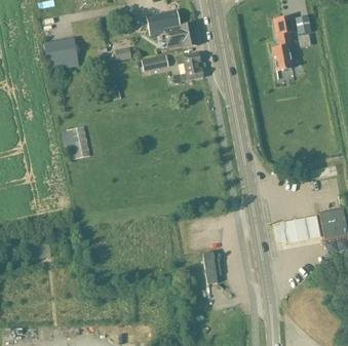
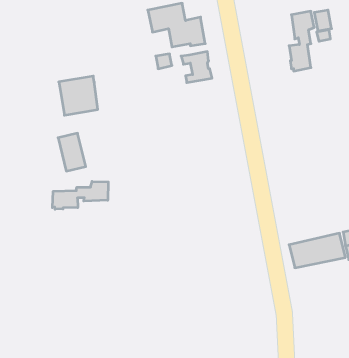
building: [43,37,78,72] -> [59,76,98,115]
building: none -> [52,181,108,209]
building: [202,252,220,284] -> none

